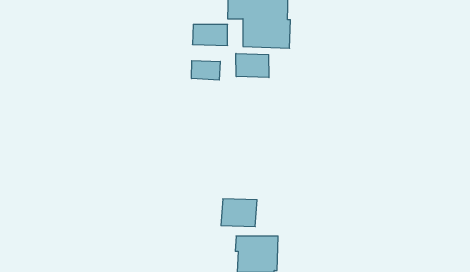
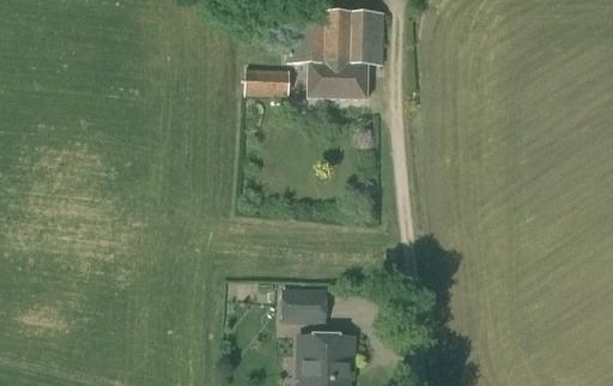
building: [236,53,269,78] -> none
building: [192,61,220,80] -> none

